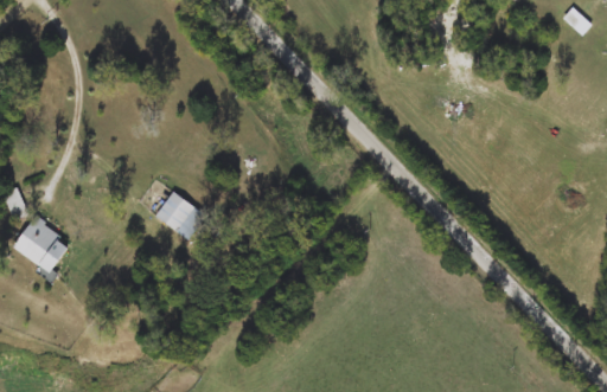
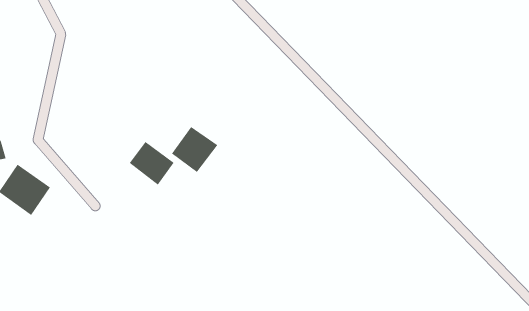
building: none -> [171,126,218,173]

